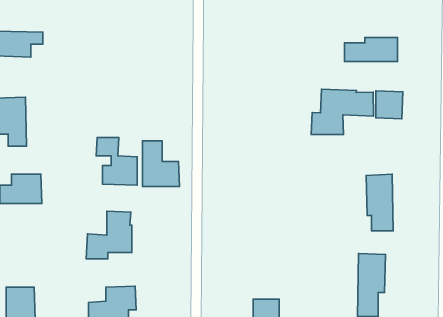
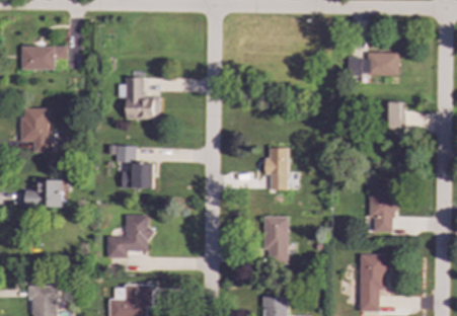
building: [311,89,374,135] -> none
building: none -> [264,147,289,182]
building: [143,141,179,186] -> [126,77,160,120]
building: none -> [263,213,289,260]

